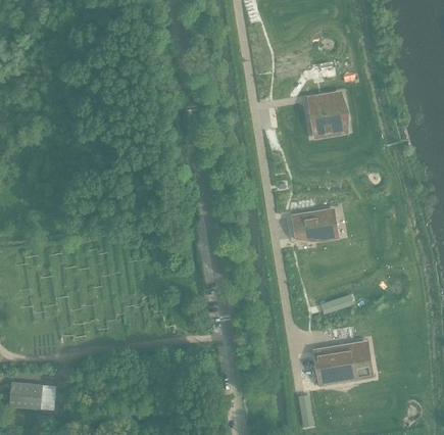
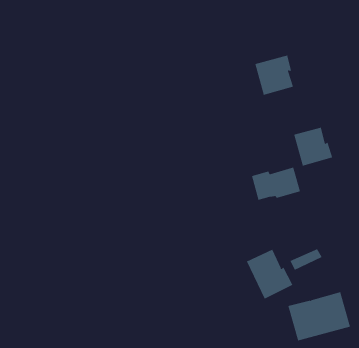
building: none -> [293,127,333,167]
building: none -> [246,249,293,299]

